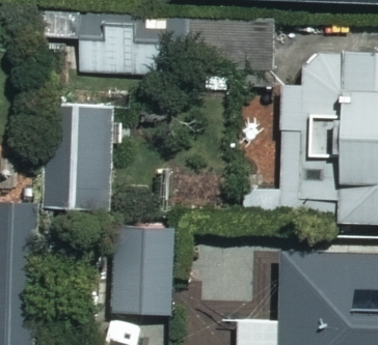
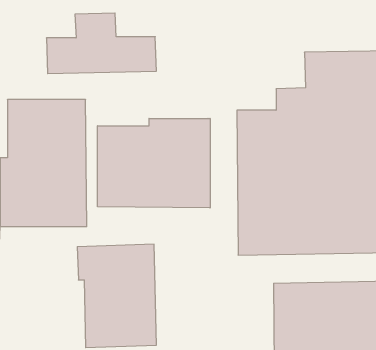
building: none -> [98,118,210,208]

